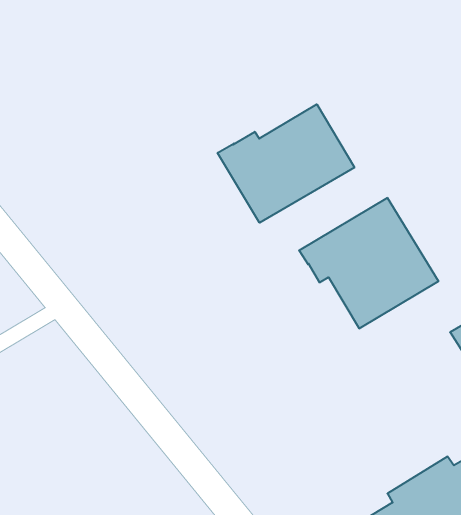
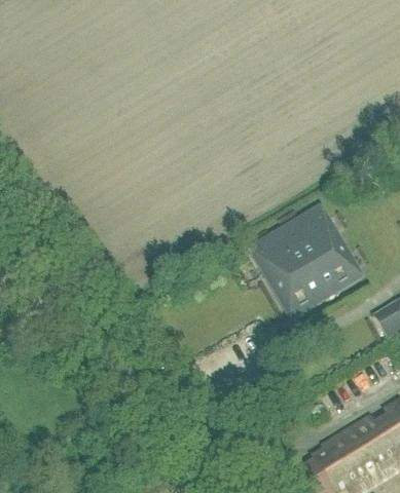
building: [218,104,354,223] -> none

